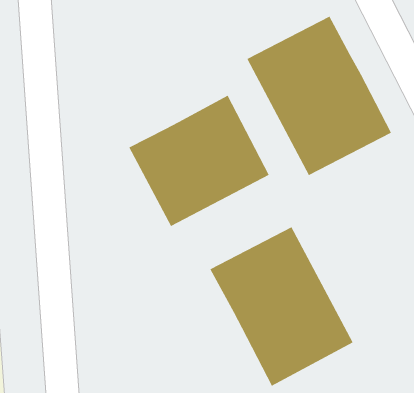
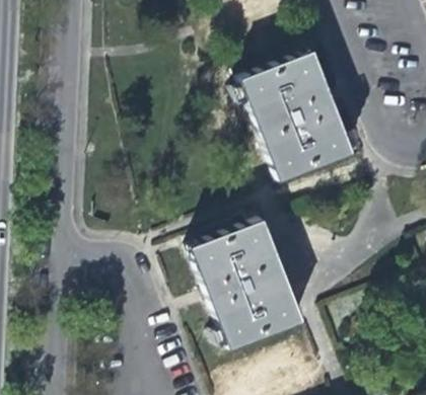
building: [128,95,269,227] -> none

